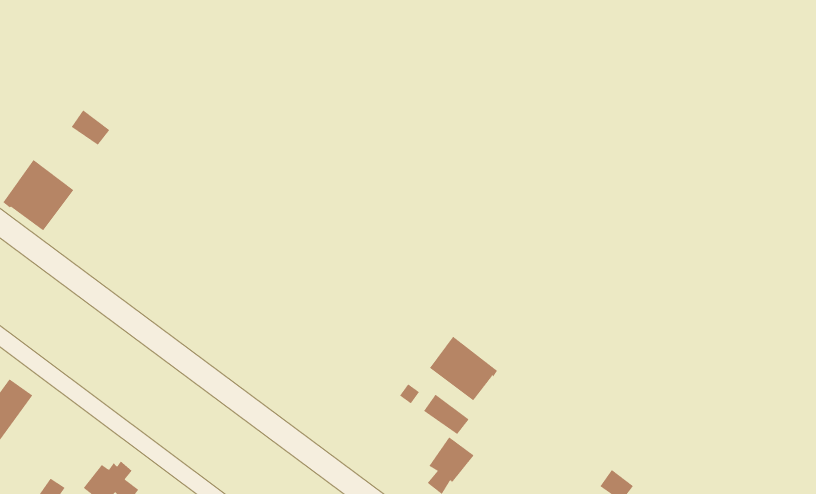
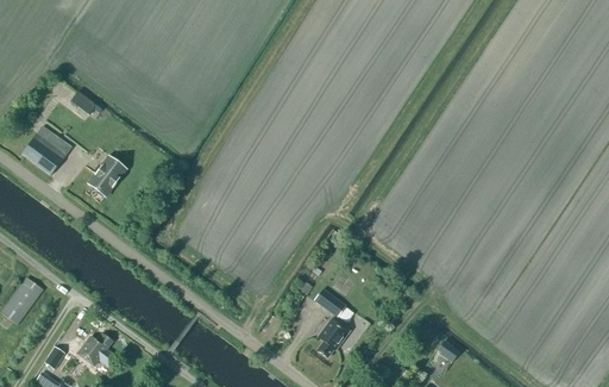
building: none -> [89,156,125,194]
building: [429,336,498,401] -> none

